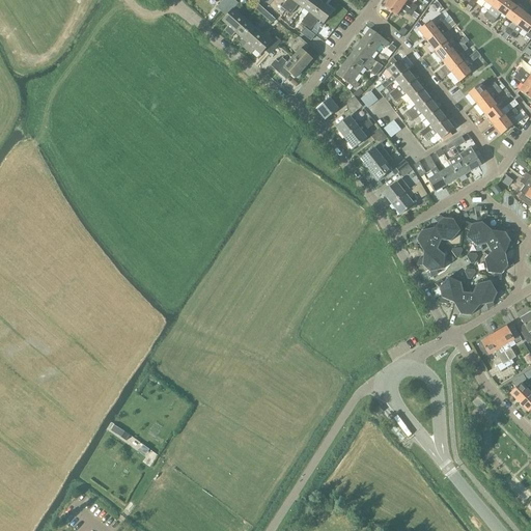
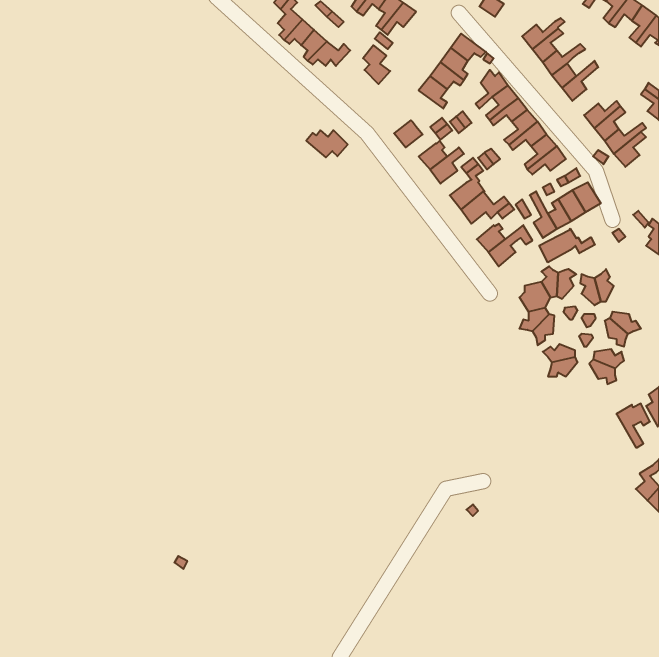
building: [271,56,304,78] -> [306,130,348,157]
building: none -> [539,229,595,262]
building: [486,229,511,252] -> none
building: [454,290,480,314] -> none
building: [481,332,513,370] -> none

